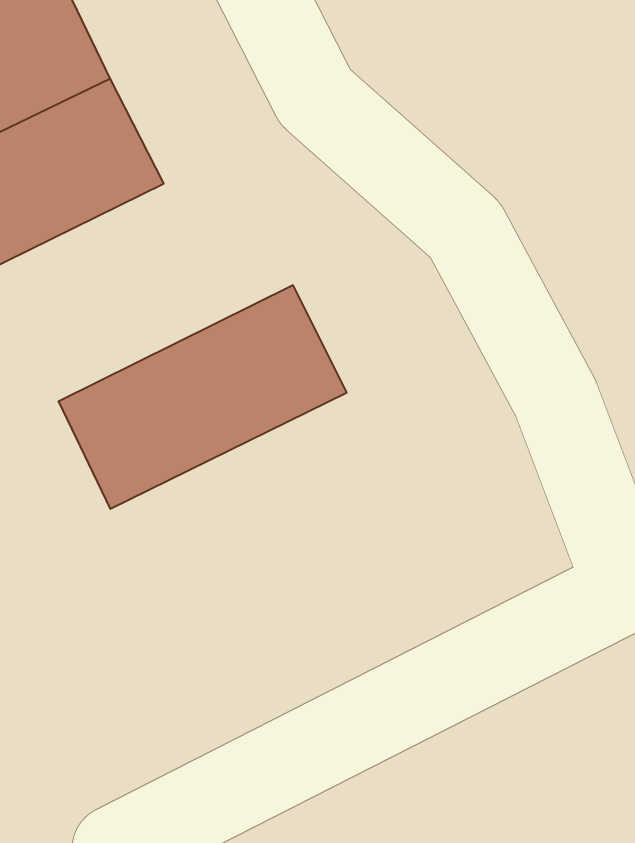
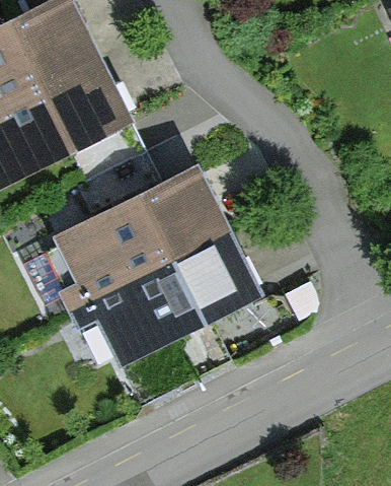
building: none -> [94,227,253,350]

